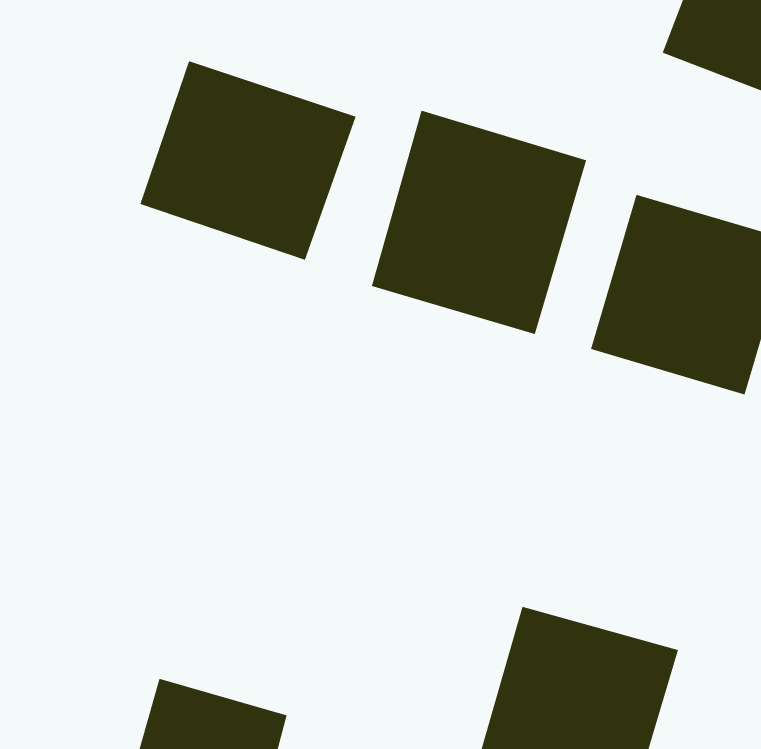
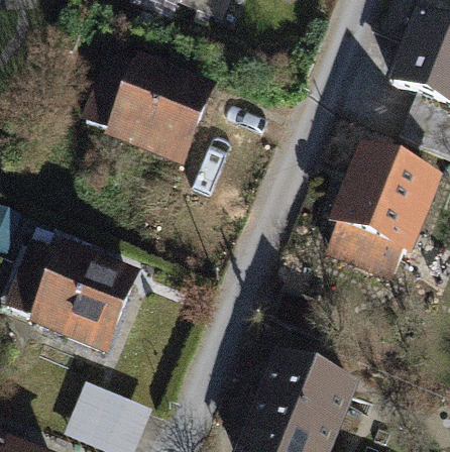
building: [371,110,587,335] -> none
building: none -> [18,242,132,351]

